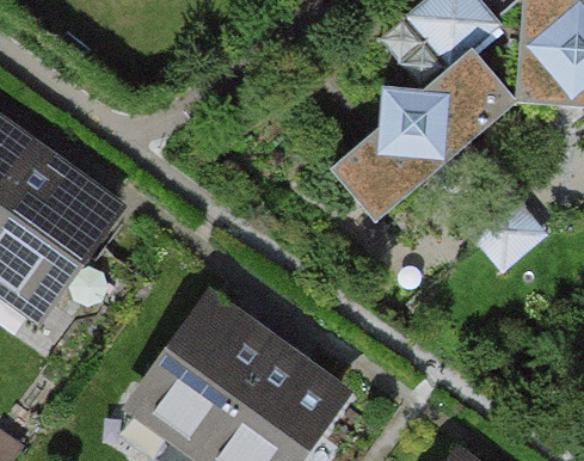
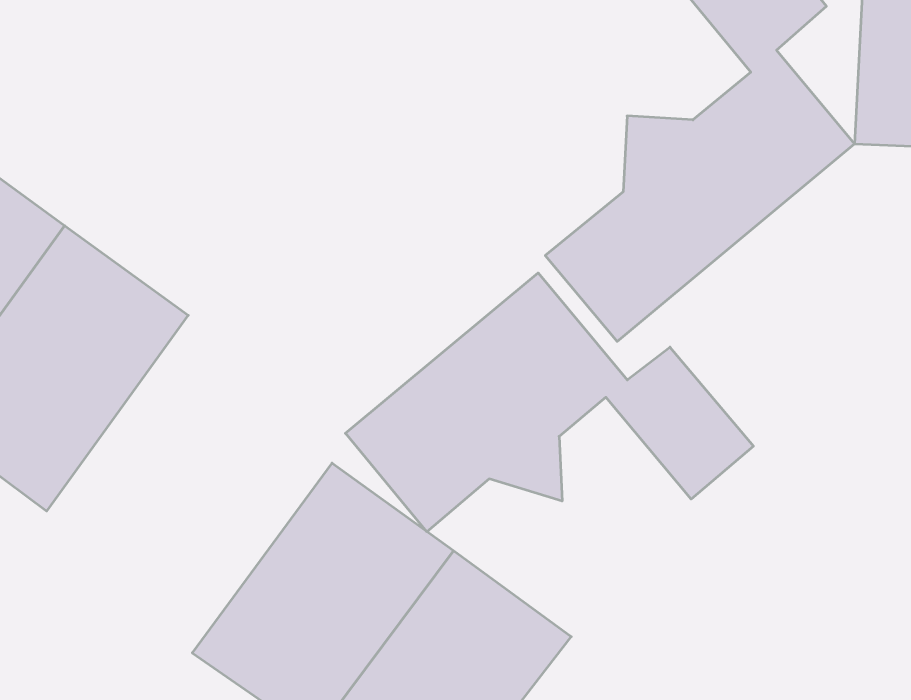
building: none -> [345,273,753,532]

